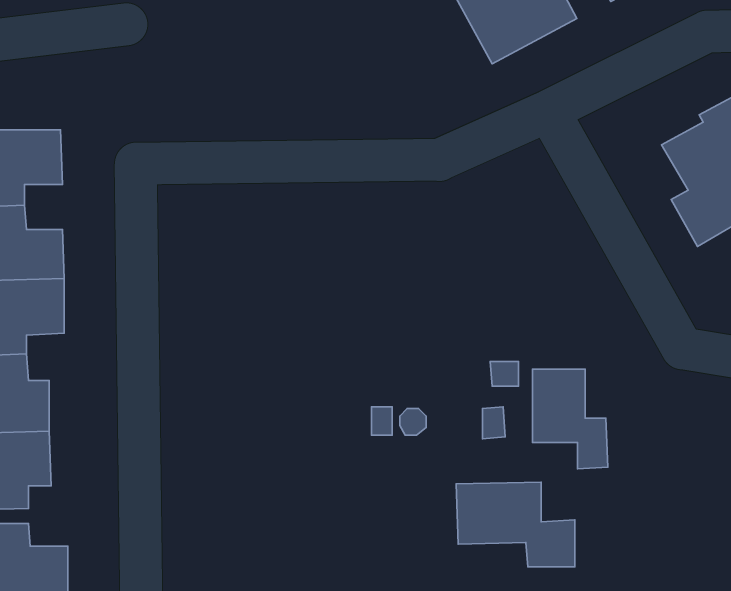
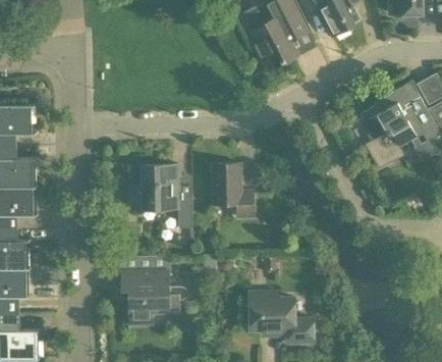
building: none -> [133,163,195,227]
building: [532,369,608,469] -> [214,162,255,216]
building: none -> [122,269,187,324]

